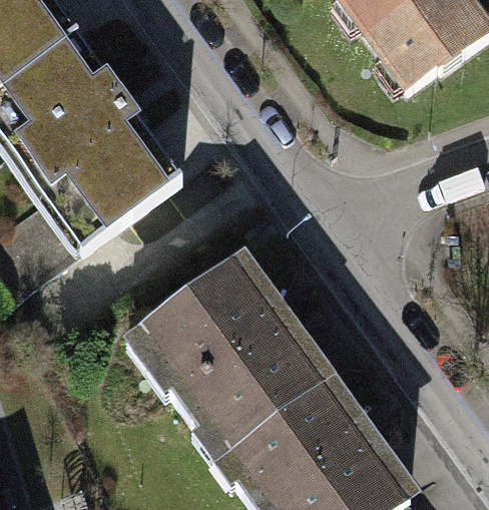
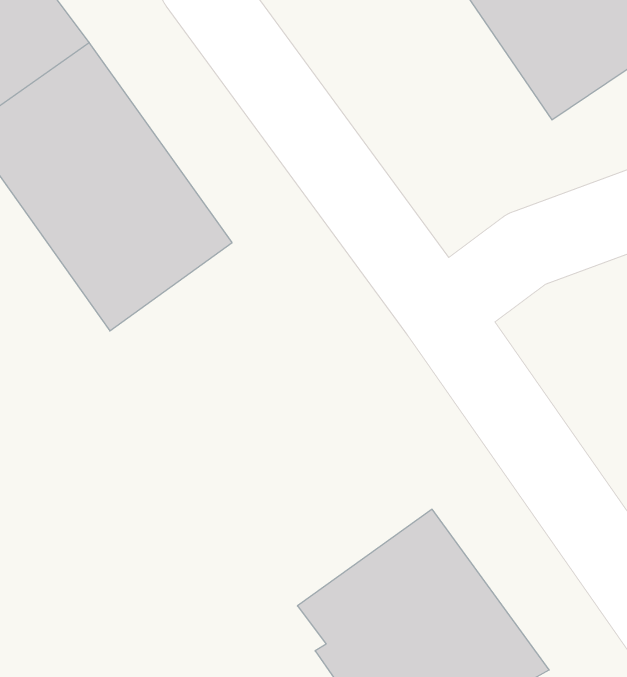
building: [138,261,319,447] -> none

